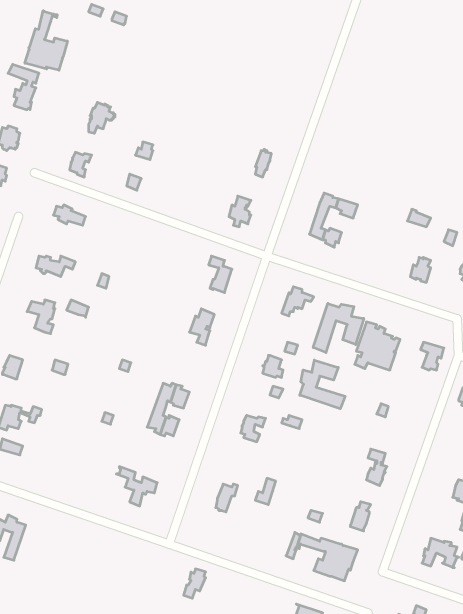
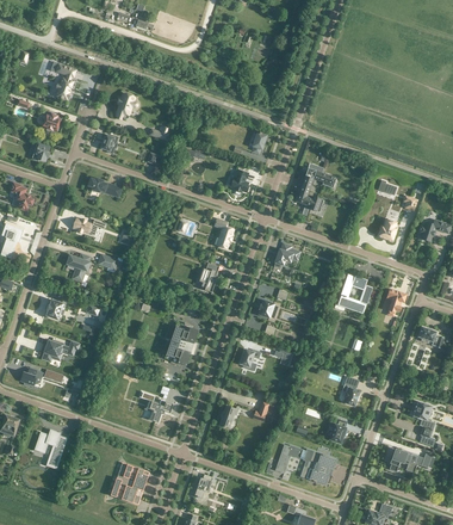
building: [25,11,67,70] -> none
building: [313,303,364,353] -> none
building: [300,360,345,409] -> none
building: none -> [110,462,149,504]

